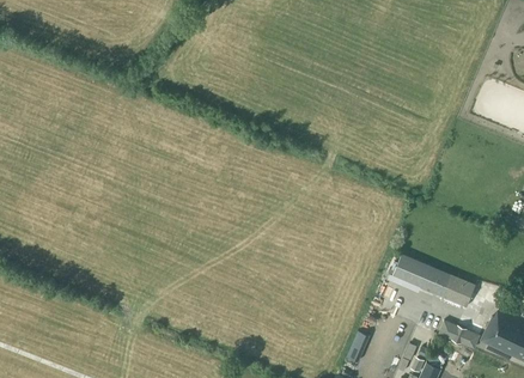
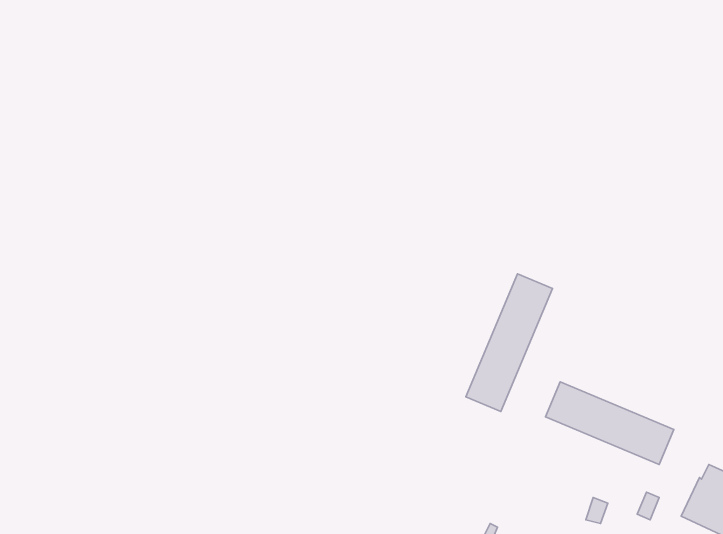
building: none -> [466,274,553,412]

